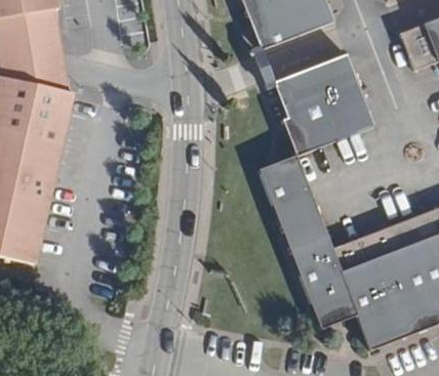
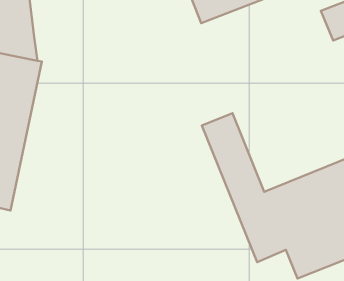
building: [274,54,374,154] -> none

